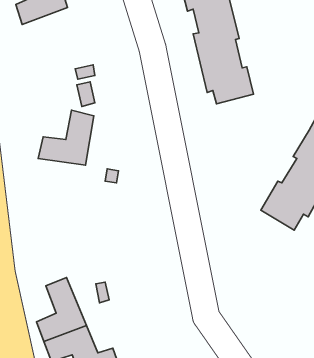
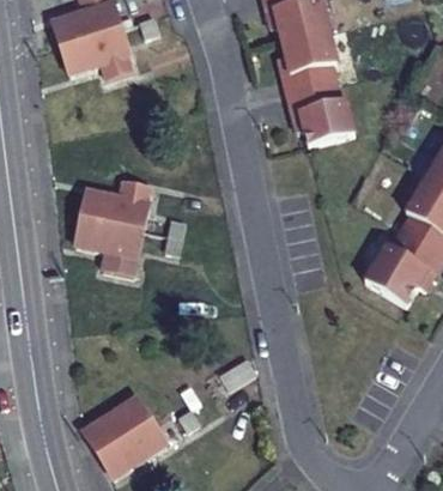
building: none -> [63,25,141,101]
building: none -> [80,217,146,273]

